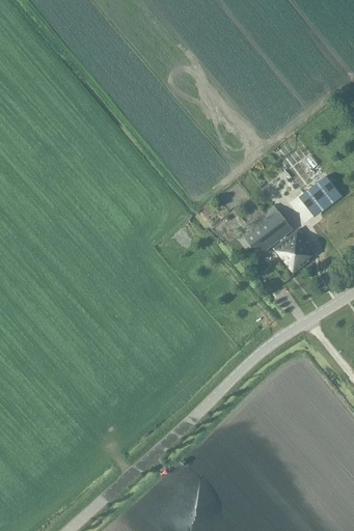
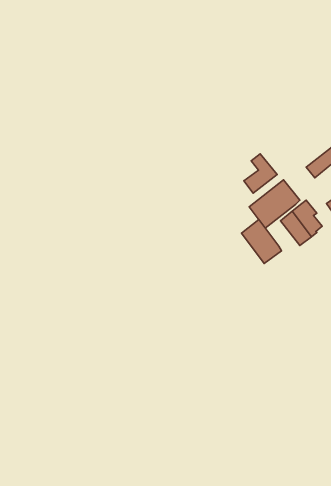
building: none -> [244,154,277,193]
building: none -> [242,220,281,263]

